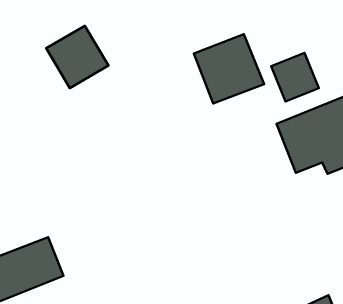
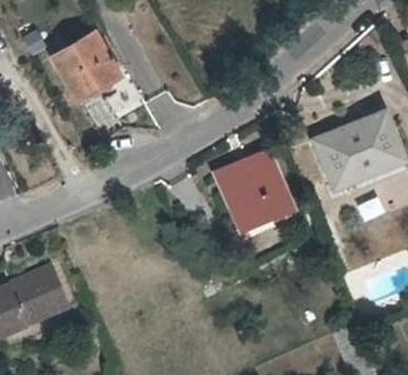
building: [194,34,264,104] -> [218,150,295,226]
building: [271,53,319,101] -> none

